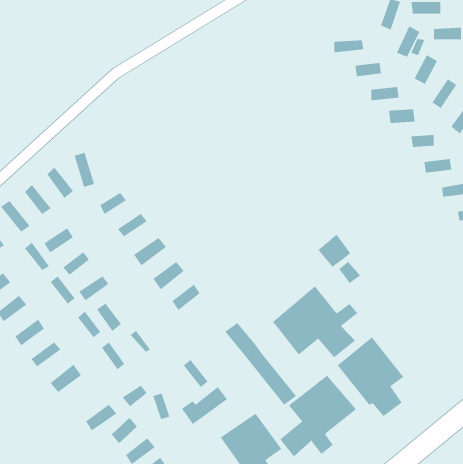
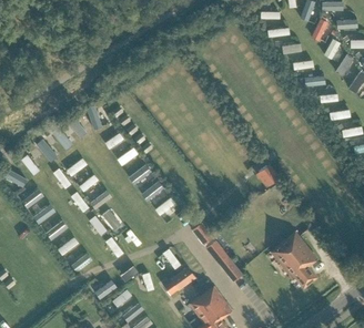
building: [271,286,358,358] -> none
building: [280,374,357,457] -> none

